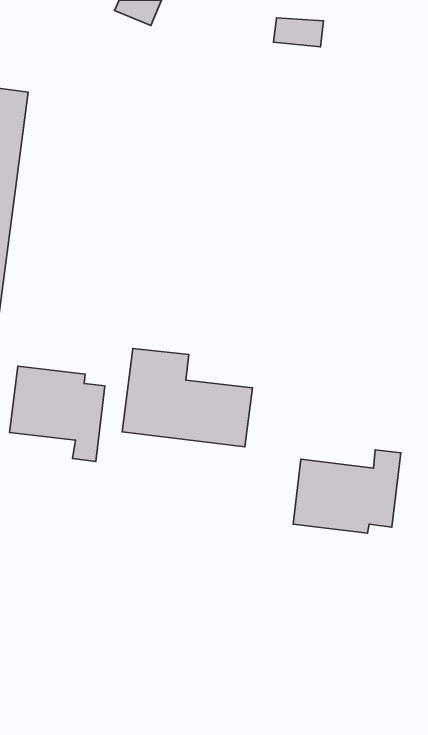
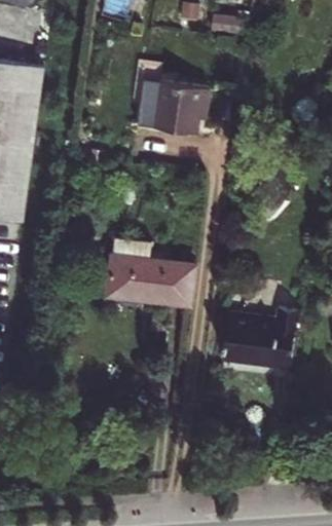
building: none -> [137,75,208,134]
building: [9,366,105,461] -> none

